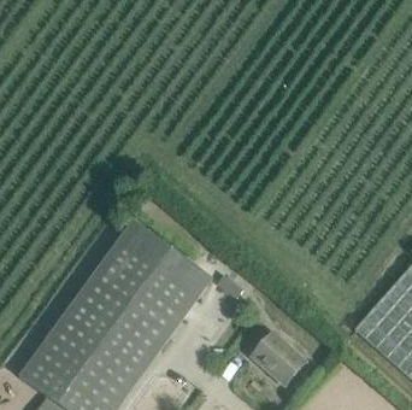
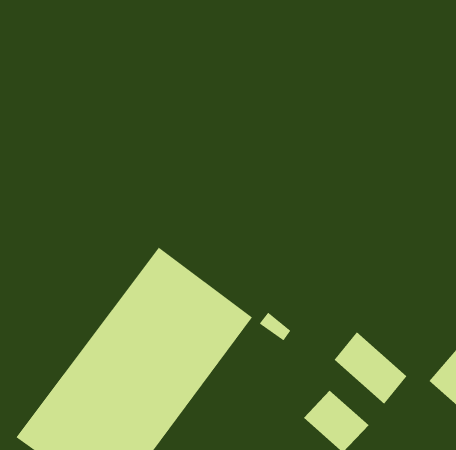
building: none -> [334,331,407,404]

